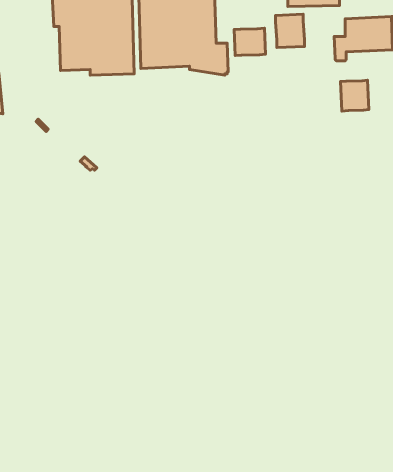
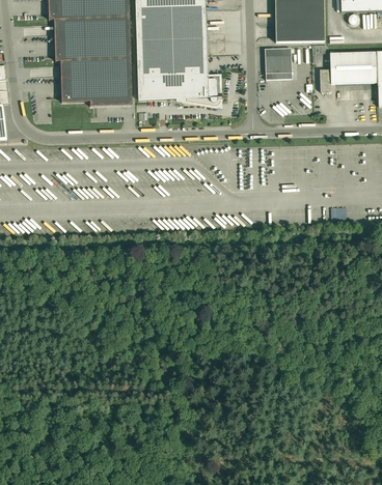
building: [234,28,266,56] -> none
building: [341,80,369,111] -> none

